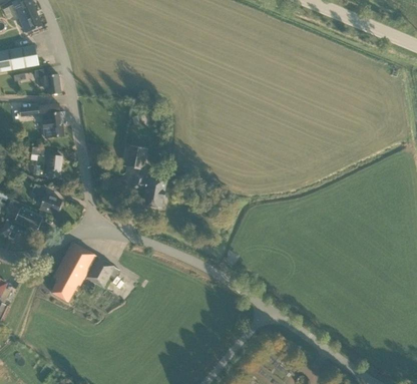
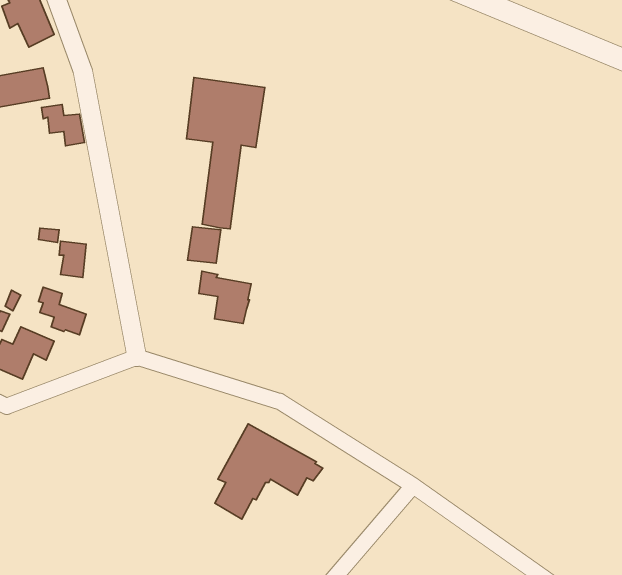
building: none -> [186,77,265,229]
building: [37,103,63,138] -> none
building: [49,243,117,303] -> [215,424,323,519]

